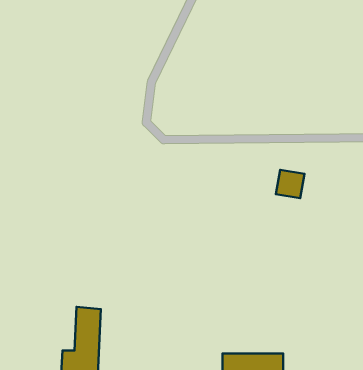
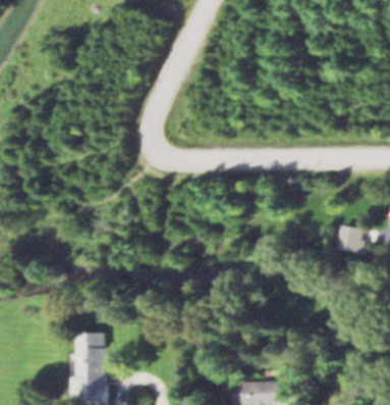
building: [276,170,304,198] -> [333,224,361,253]

